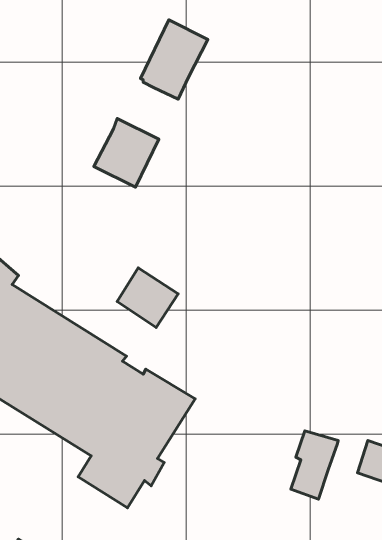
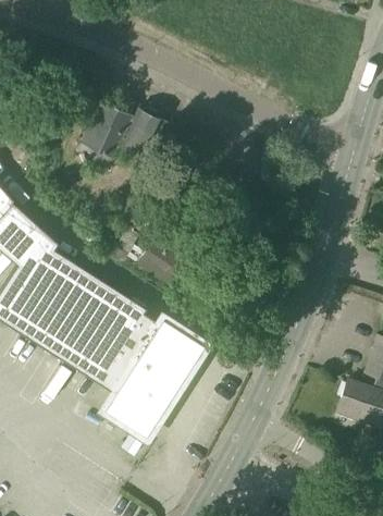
building: [140,20,208,99] -> [77,101,134,168]
building: [291,431,338,499] -> none

